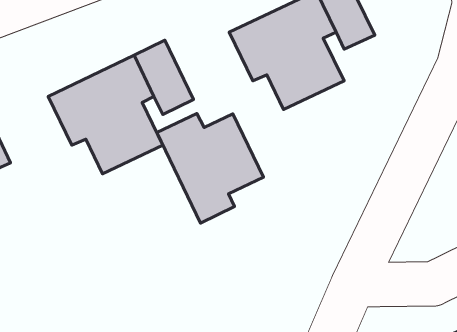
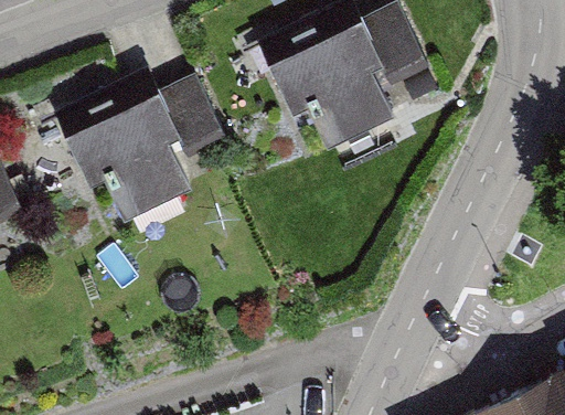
building: [157,113,264,223] -> none

